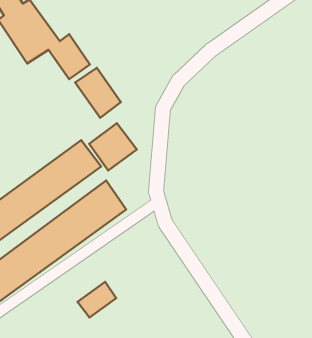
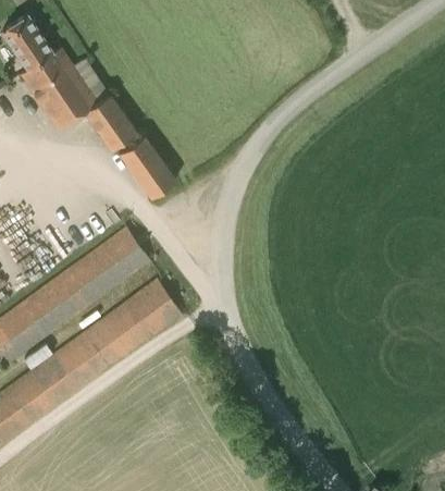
building: [89,123,137,170] -> none
building: [77,282,116,318] -> none

